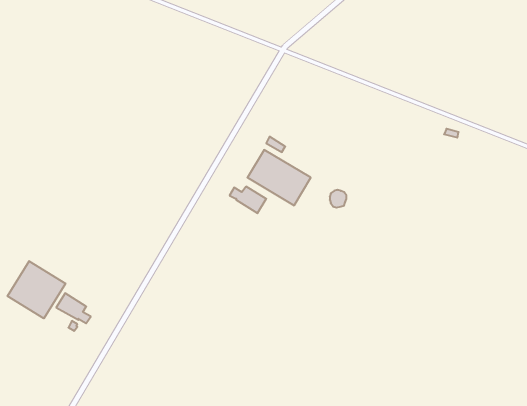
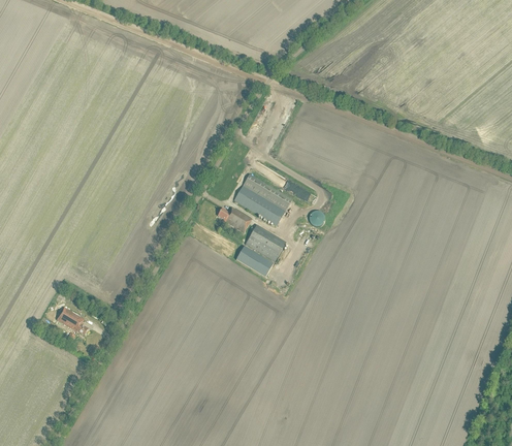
building: none -> [235,225,286,278]
building: [8,261,65,318] -> none

